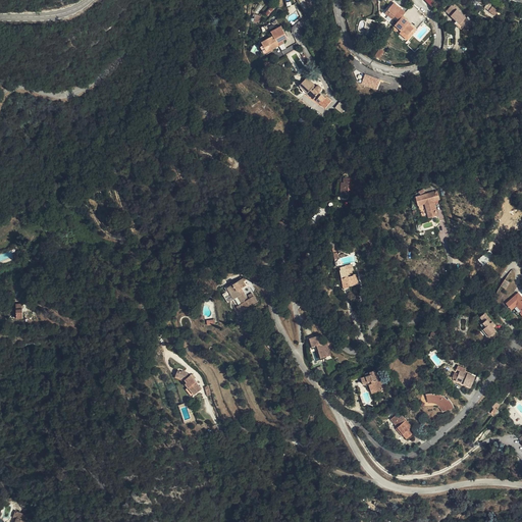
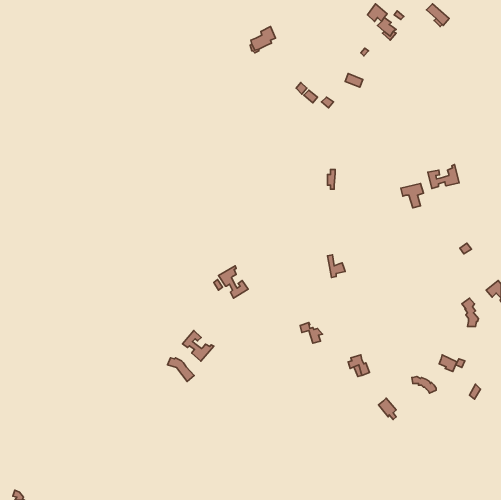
building: none -> [428,165,459,189]
building: none -> [182,331,214,361]

